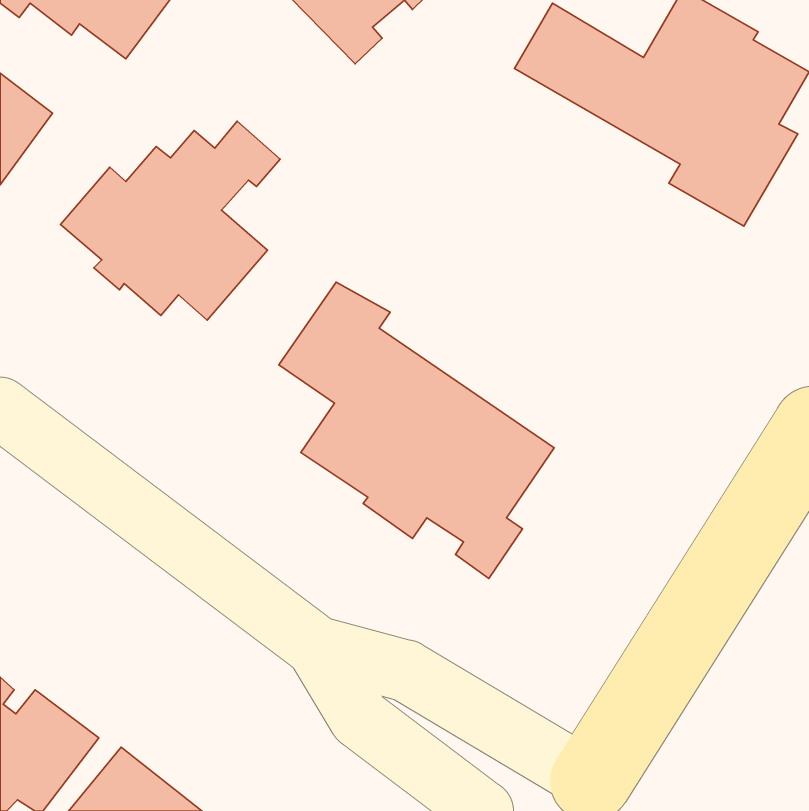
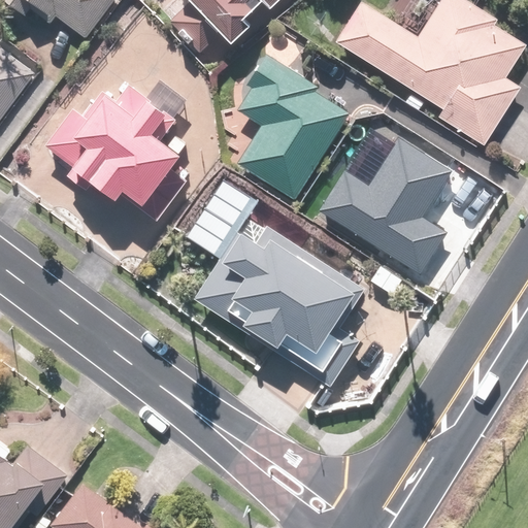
building: none -> [233,54,348,200]
building: none -> [316,131,453,278]

